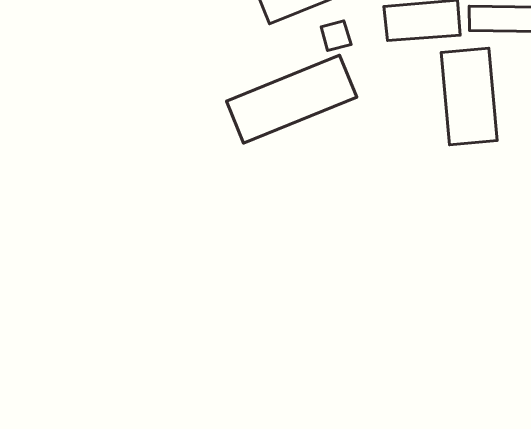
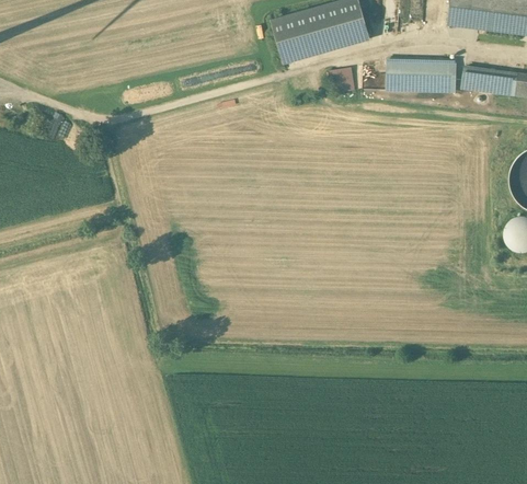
building: [441,48,497,145] -> none
building: [226,55,357,143] -> none

